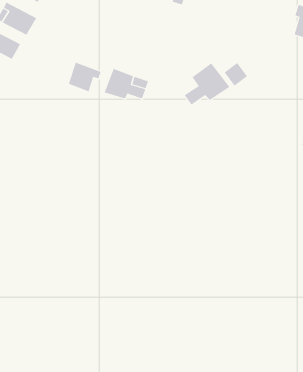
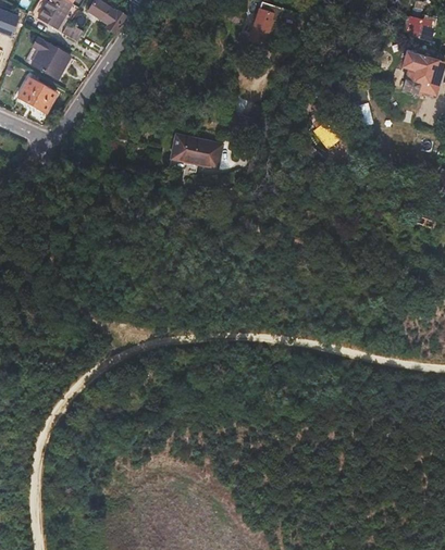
building: [68,62,101,92] -> none
building: [184,63,230,106] -> none

